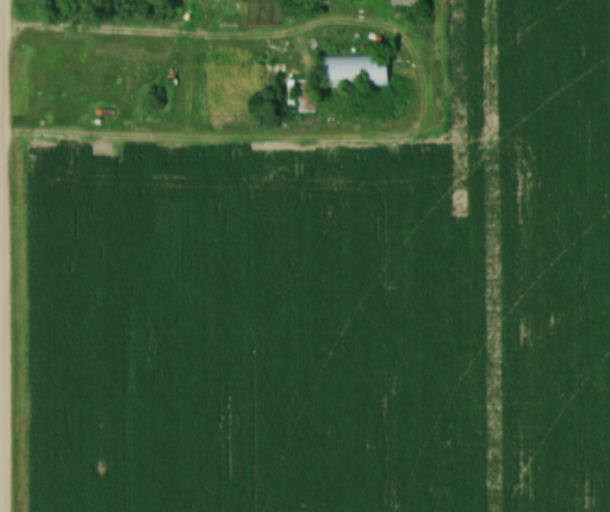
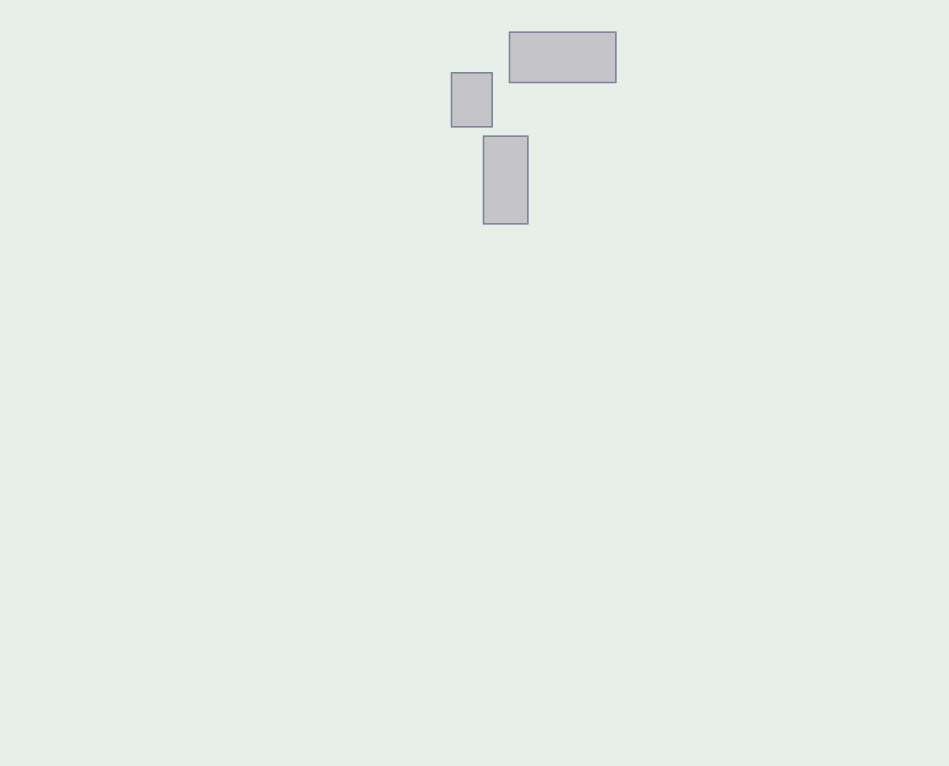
building: none -> [483,136,528,224]

